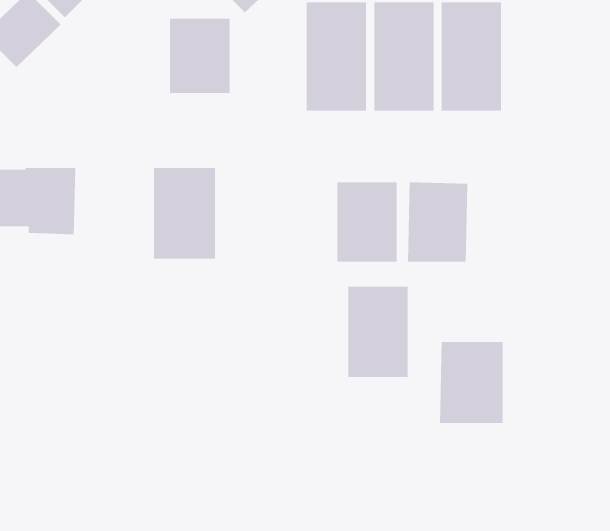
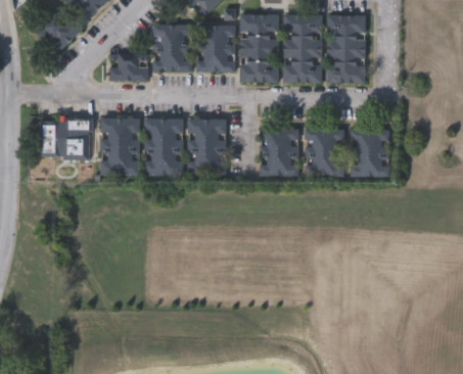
building: none -> [196,24,236,72]
building: none -> [110,53,148,80]
building: none -> [100,115,139,175]
building: [347,286,409,378] -> [187,118,226,176]
building: [439,342,503,423] -> [345,127,386,179]

